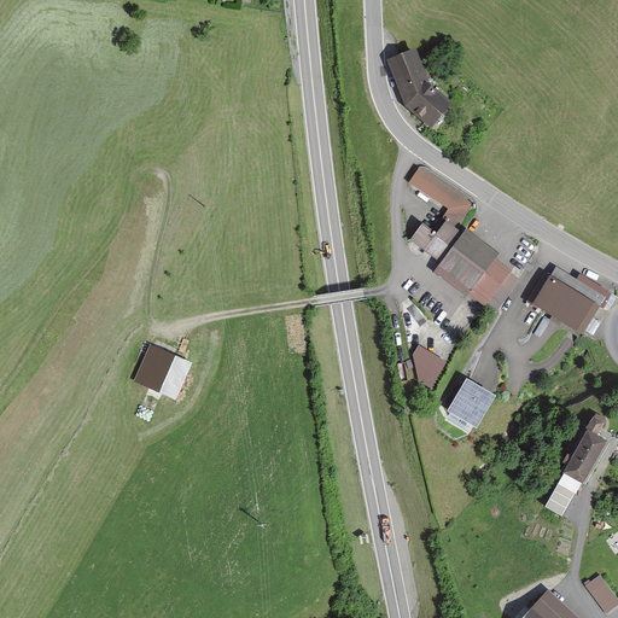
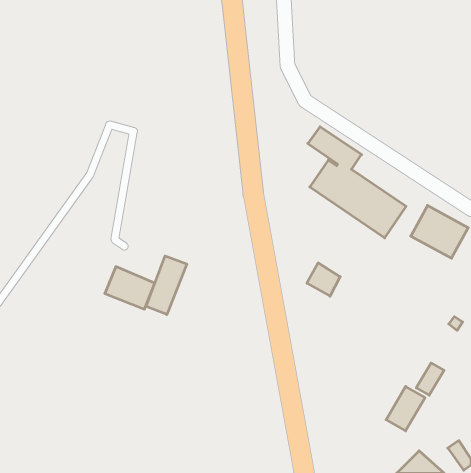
building: [389,46,460,130] -> none
building: none -> [146,256,187,315]
building: [444,374,492,424] -> none
building: [558,427,608,485] -> [386,386,425,431]

